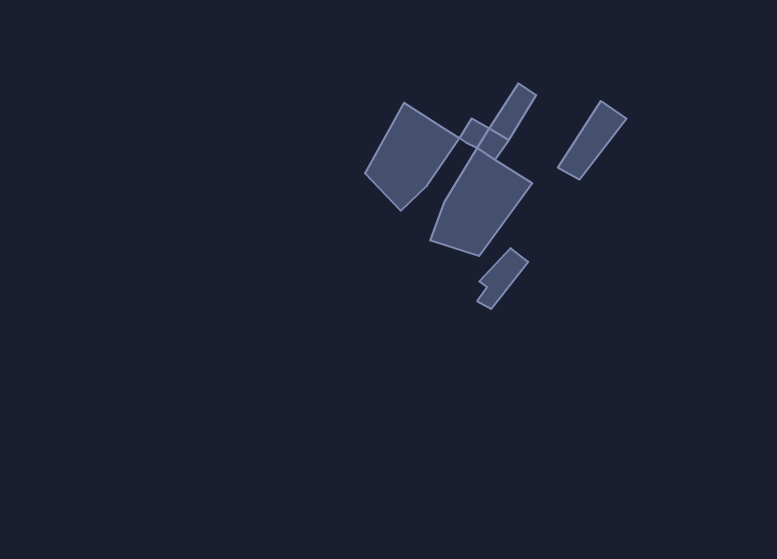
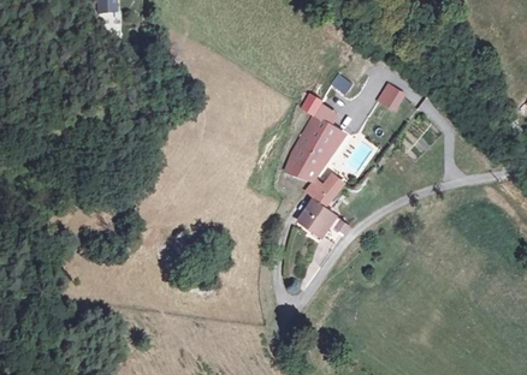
building: [365,103,460,211] -> none
building: none -> [300,206,336,238]

